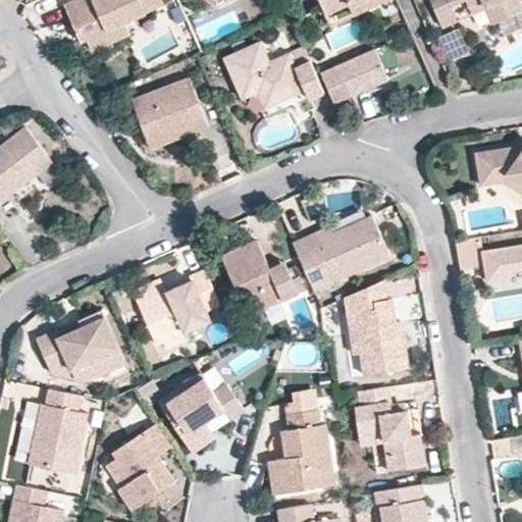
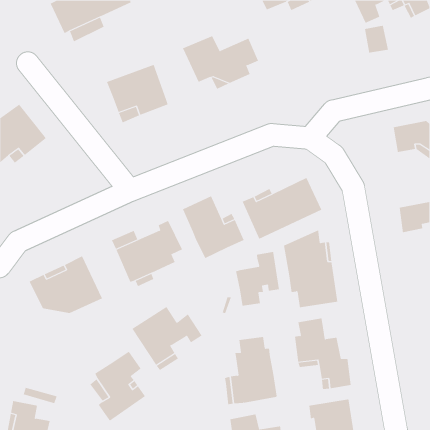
building: [323,55,388,118] -> none
building: none -> [236,251,280,307]
building: [28,389,86,472] -> none

